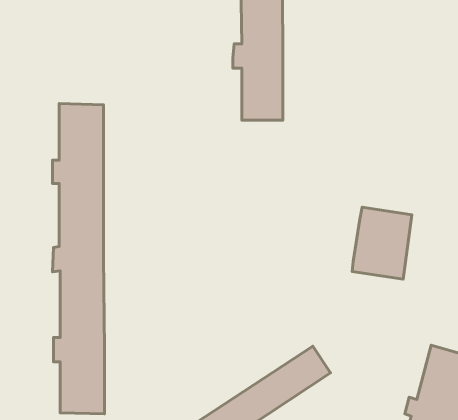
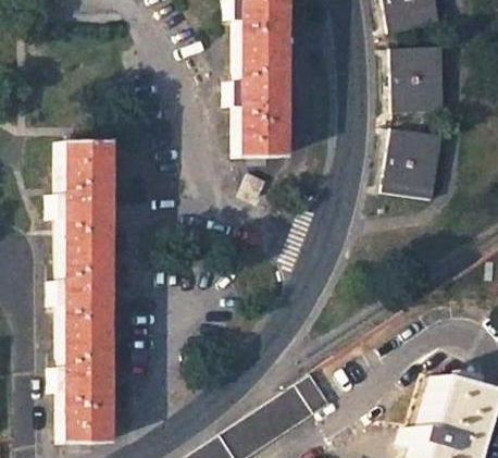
building: none -> [401,47,452,111]
building: [352,207,412,279] -> [391,126,450,197]

